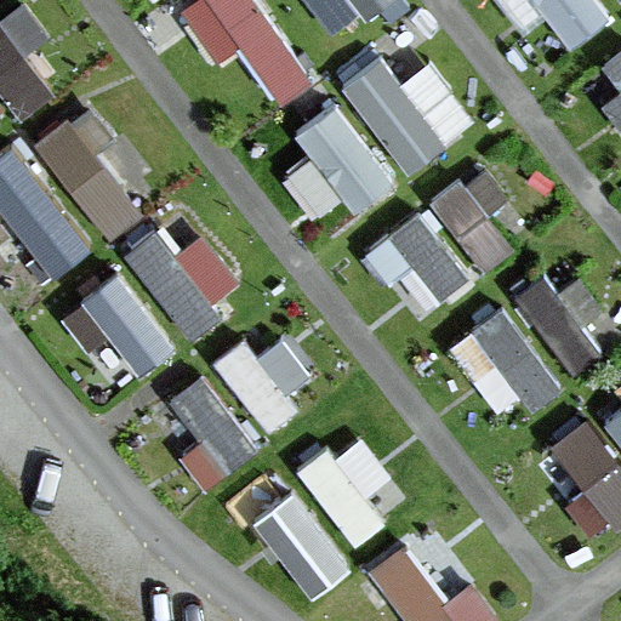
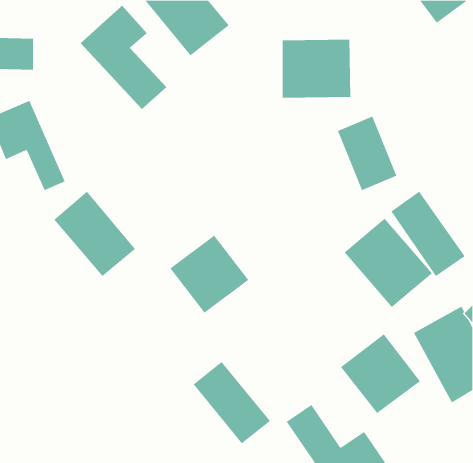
building: [289,101,393,211] -> none
building: [24,102,137,238] -> [80,5,167,110]
building: [361,209,471,319] -> none
building: [120,229,244,330] -> none
building: [148,372,263,489] -> none
building: [298,428,403,532] -> [340,334,421,414]

